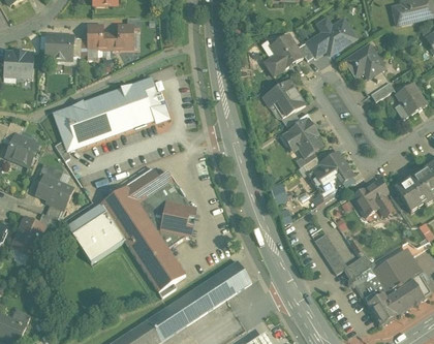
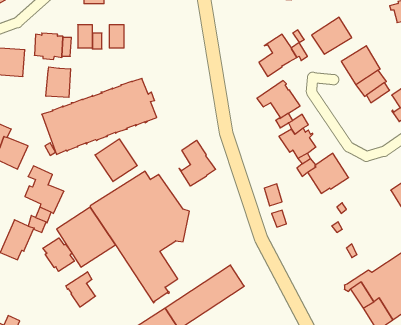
building: none -> [46,67,70,97]
building: none -> [95,139,137,182]
building: none -> [179,140,216,186]
building: [351,179,391,216] -> none
building: [313,232,372,279] -> none
building: none -> [43,238,74,271]
building: none -> [66,272,96,307]

